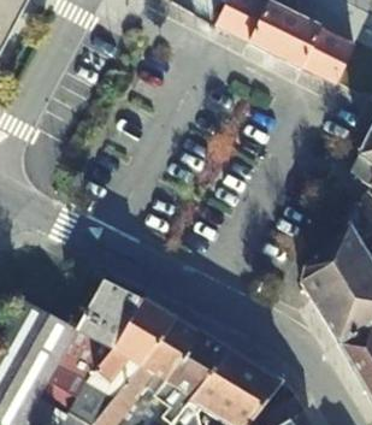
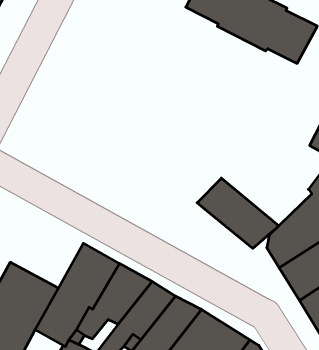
building: none -> [197,178,279,248]

